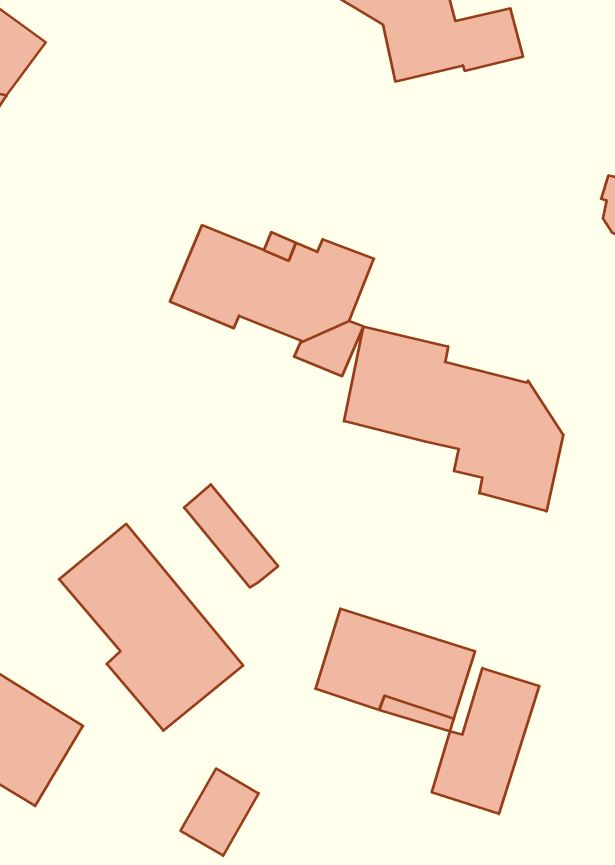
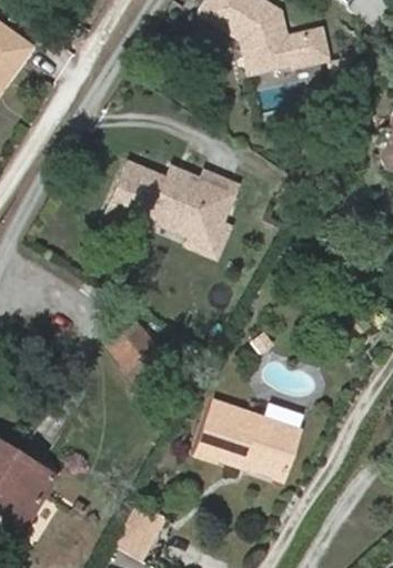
building: [344,326,563,511] -> none
building: [59,524,243,731] -> none
building: [432,668,539,814] -> none

